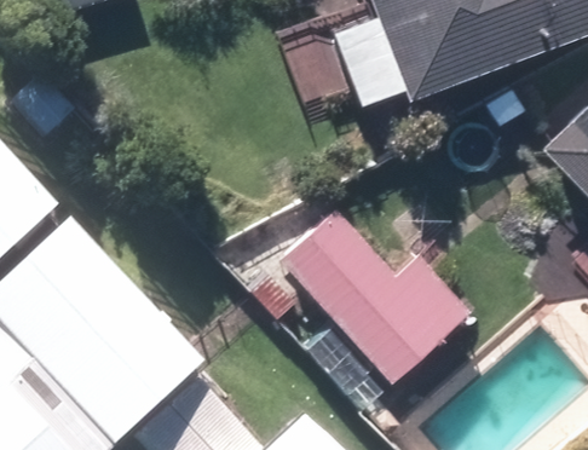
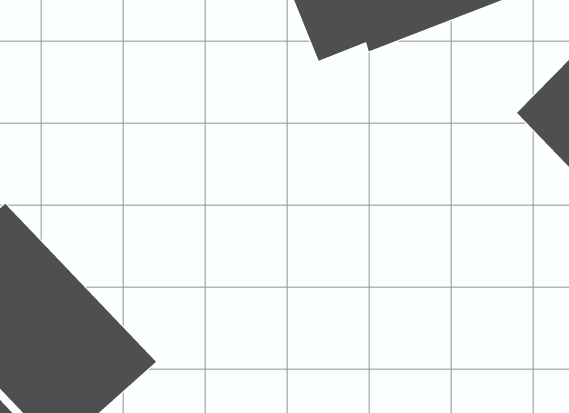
building: [279,207,465,375] -> none

